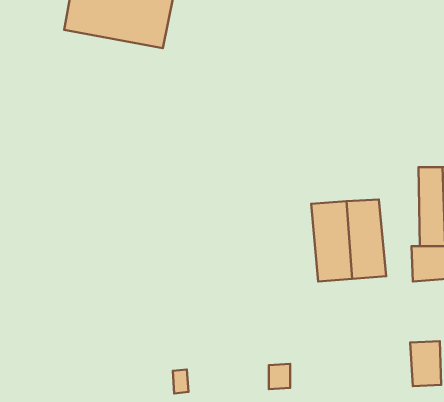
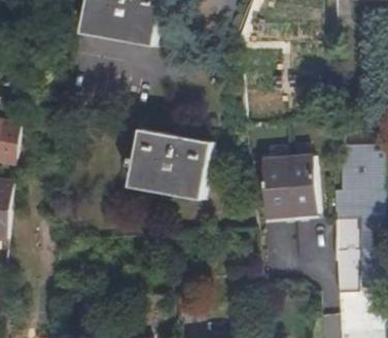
building: none -> [128,129,213,199]

